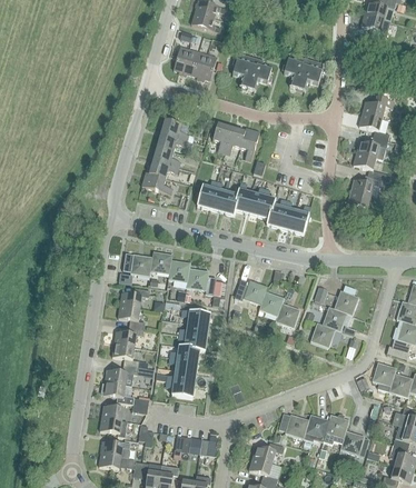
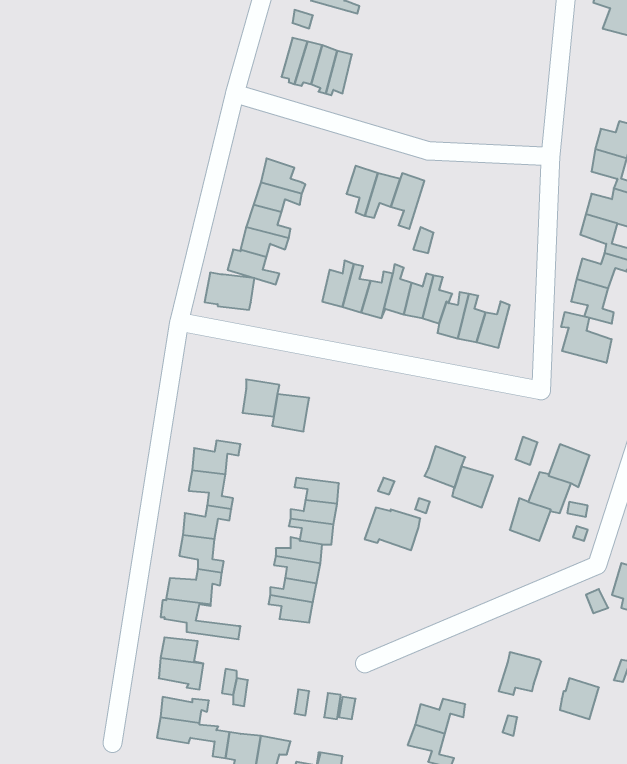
building: [232,52,273,90] -> none
building: [284,56,324,91] -> none
building: none -> [561,312,612,363]
building: [122,253,152,276] -> [205,273,255,310]
building: [186,268,216,295] -> none
building: [234,279,267,305] -> [365,508,420,550]
building: [279,414,309,438] -> none
building: [323,414,349,442] -> none

